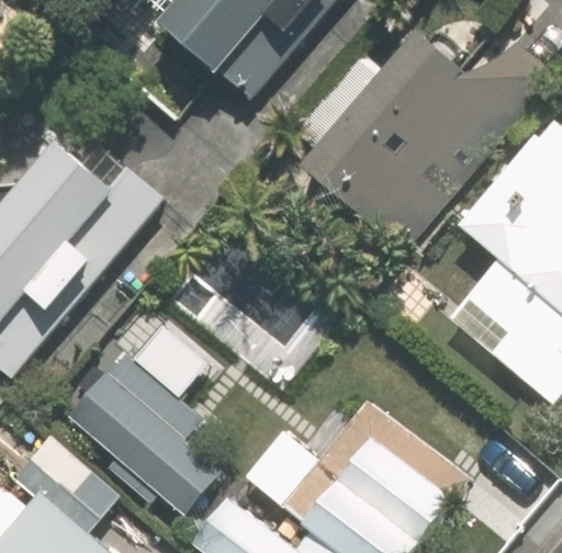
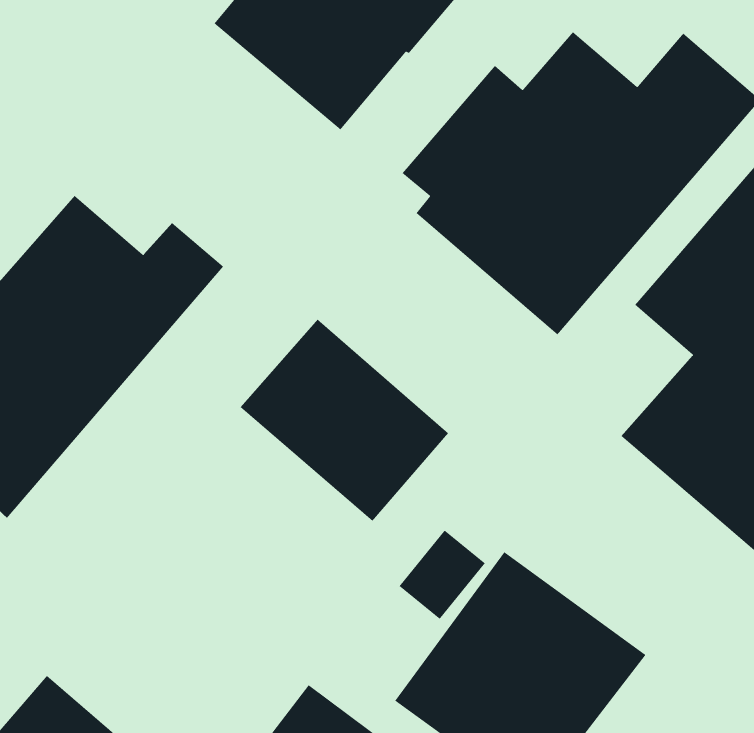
building: [66,351,239,517] -> none

